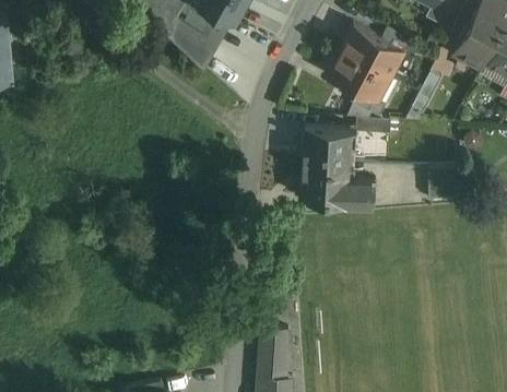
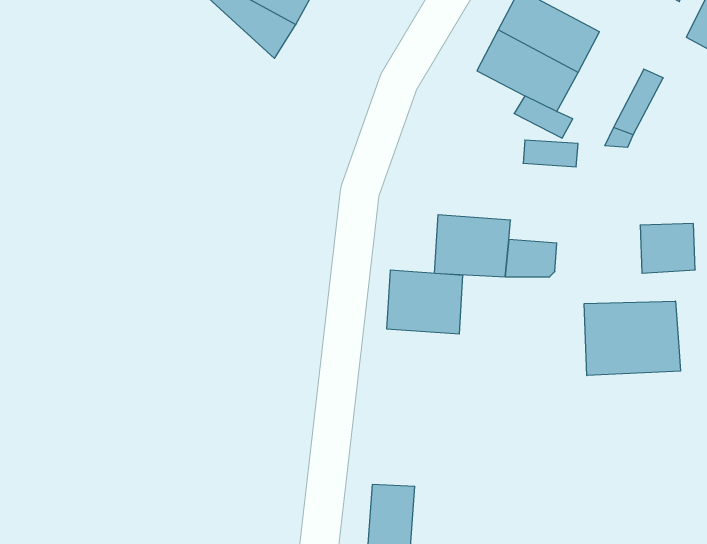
building: [304,124,351,164] -> [387,270,463,334]
building: none -> [584,301,680,376]

